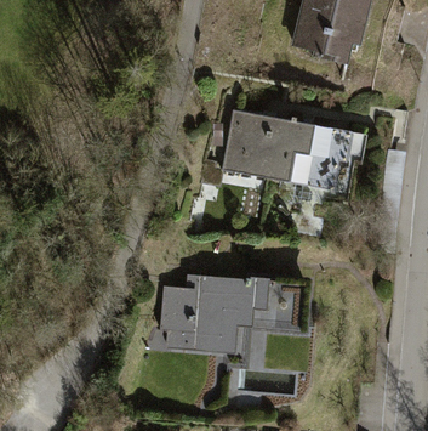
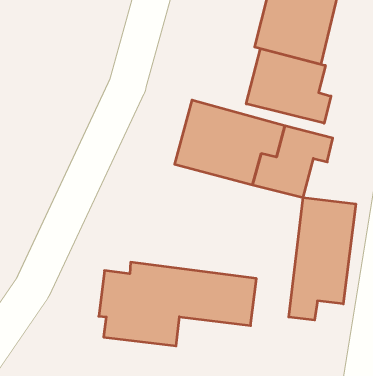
building: none -> [246,49,331,123]
building: none -> [289,197,356,320]

